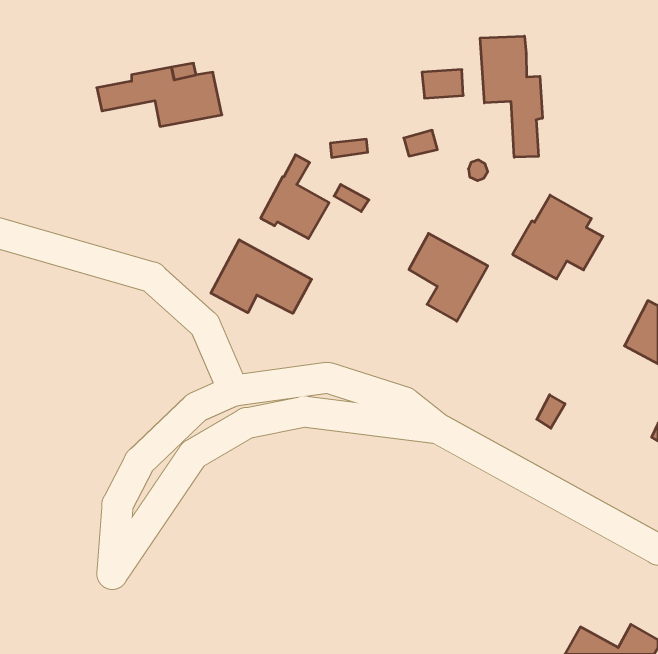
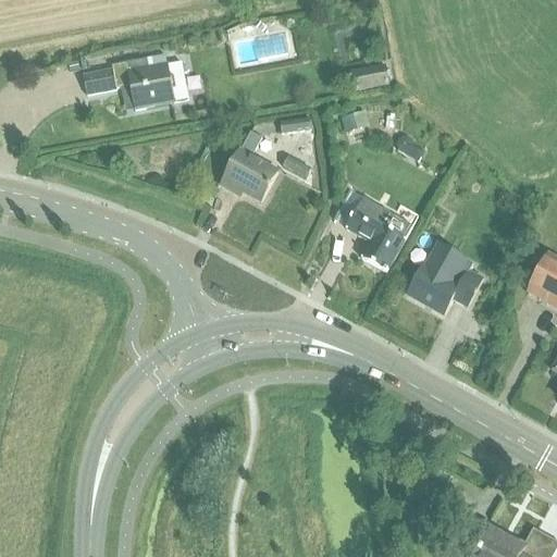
building: [480,36,542,157] -> none
building: [513,195,603,279] -> [406,243,482,313]
building: [211,240,312,313] -> none

